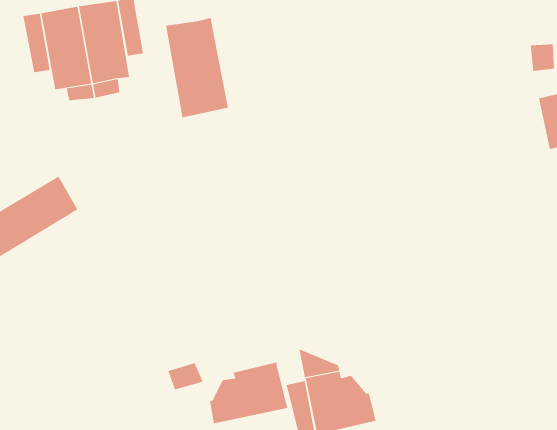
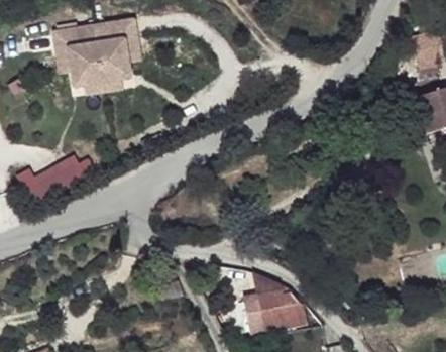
building: [165,17,229,118] -> none
building: [209,362,288,424] -> none

